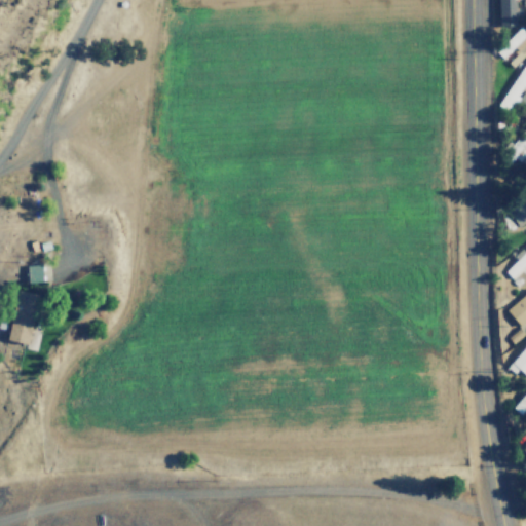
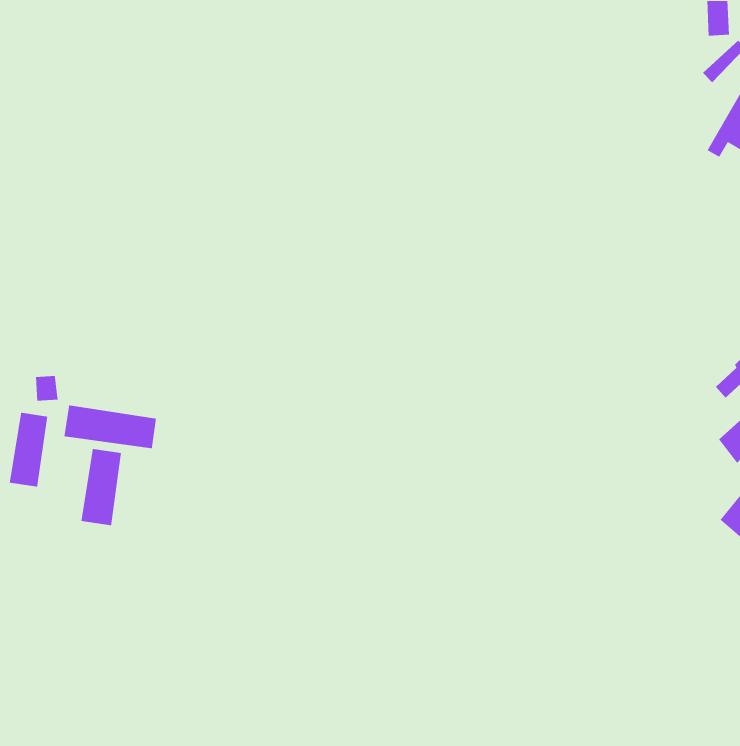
building: none -> [64,404,157,449]
building: none -> [80,448,122,526]

